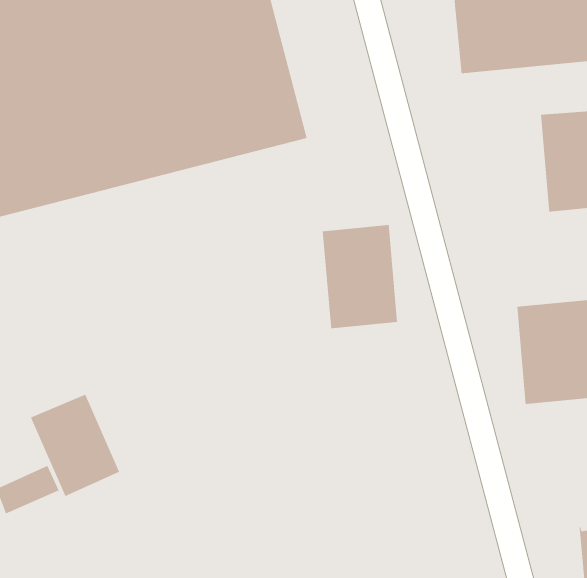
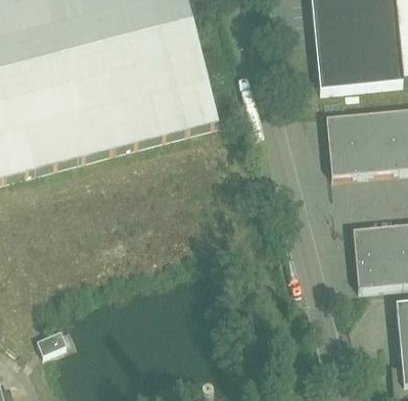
building: [322,224,398,329] -> [326,111,372,174]
building: [30,394,120,497] -> none

